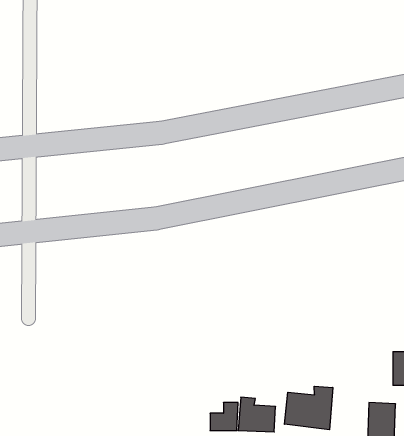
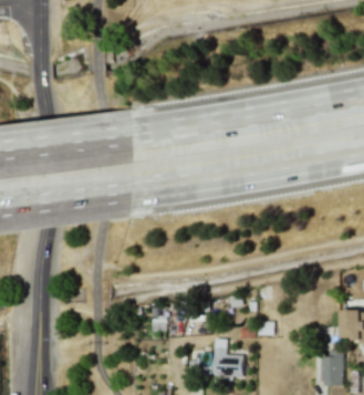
building: [284,386,333,430] -> none

